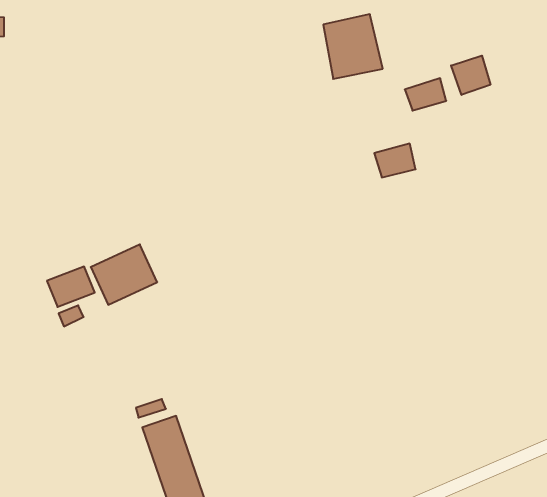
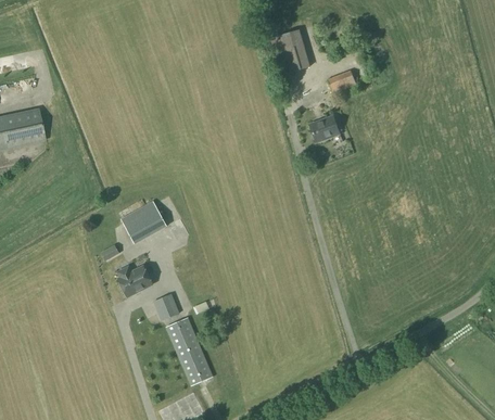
building: [451,56,490,95] -> none
building: [47,267,95,307] -> [118,266,152,295]

